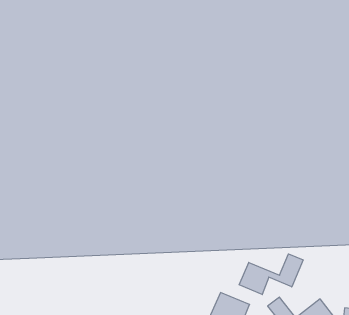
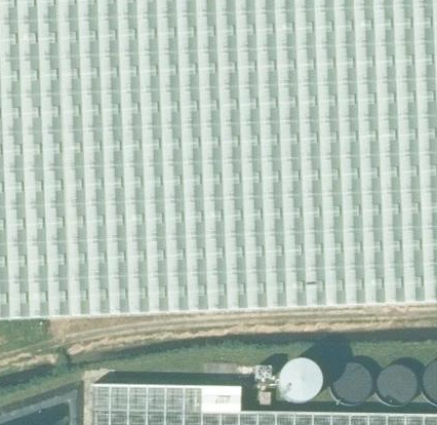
building: [239,254,303,295] -> none

